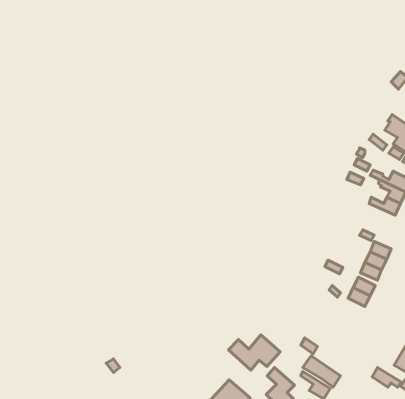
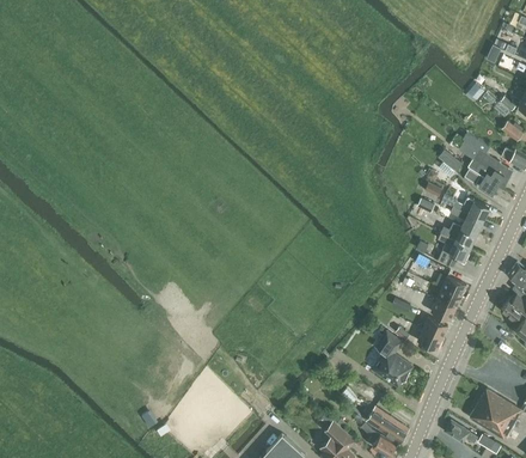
building: none -> [438,233,471,267]
building: none -> [372,330,412,387]
building: [229,335,280,370] -> none

